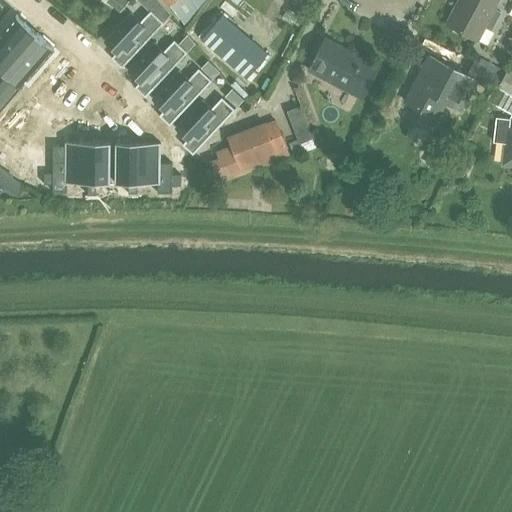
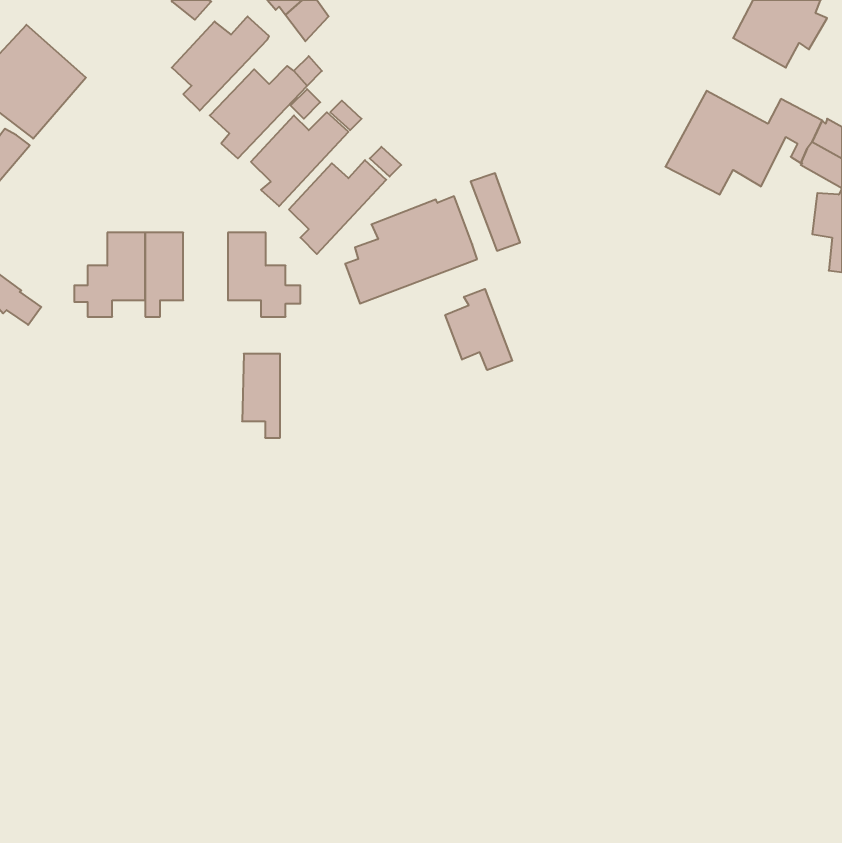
building: [200,15,267,78] -> none
building: [307,37,378,99] -> none
building: [115,141,138,192] -> [242,354,280,438]
building: none -> [445,289,512,370]

